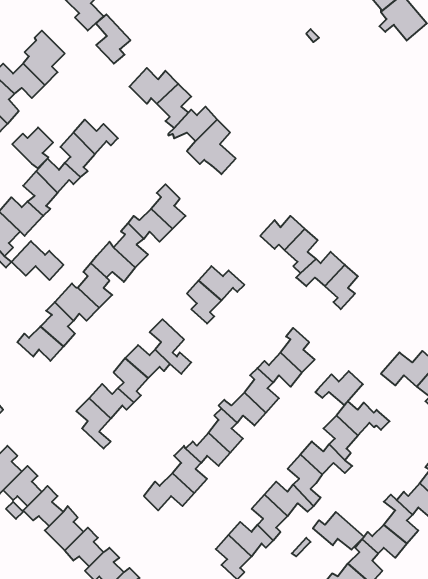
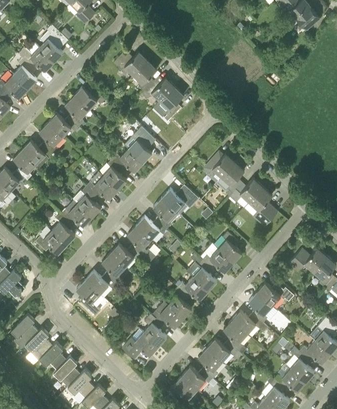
building: [96,14,130,64] -> none
building: [12,127,53,168] -> none
building: [12,241,63,280] -> none
building: none -> [136,217,167,240]
building: [315,371,363,405] -> none
building: [313,512,364,550] -> none

